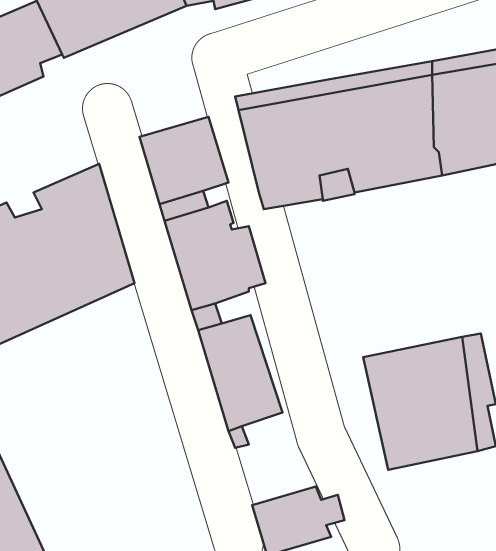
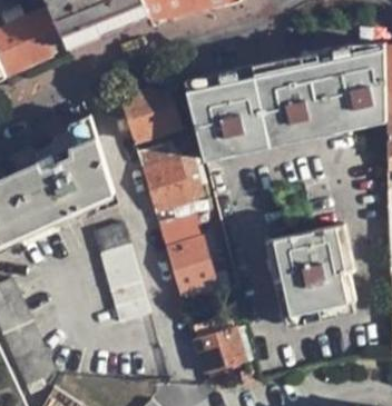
building: none -> [95,225,151,324]

